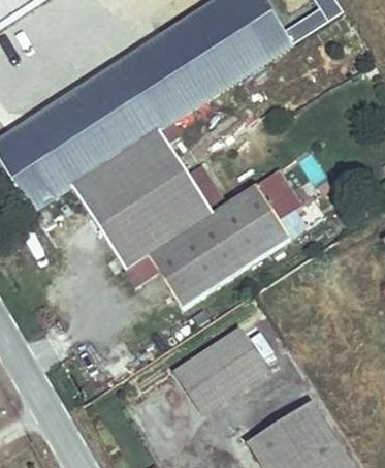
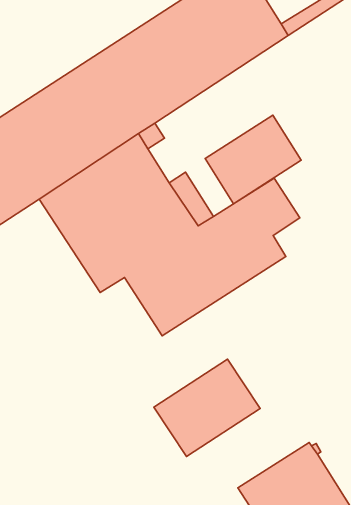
building: none -> [205,115,301,204]

